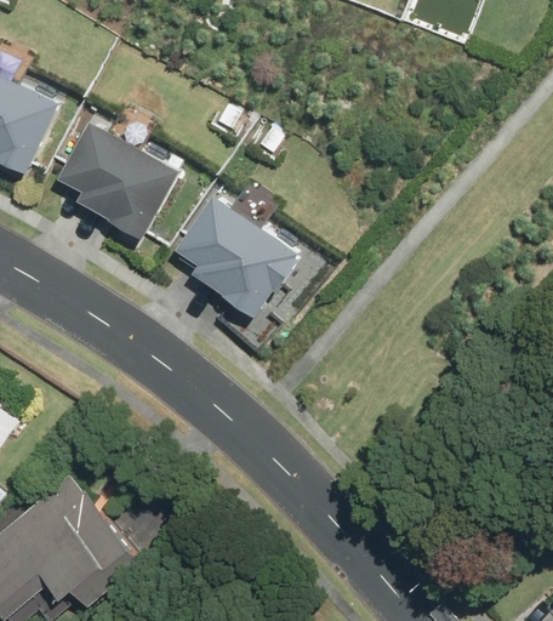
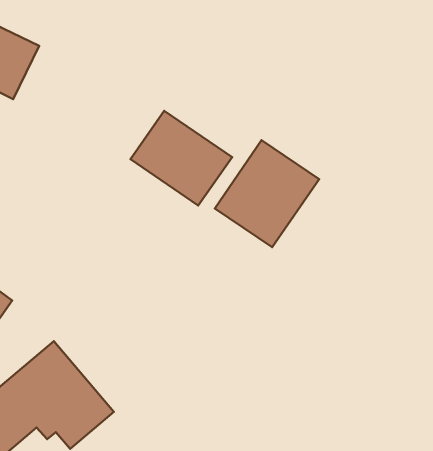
building: [57,125,175,229] -> none
building: none -> [215,140,319,247]

